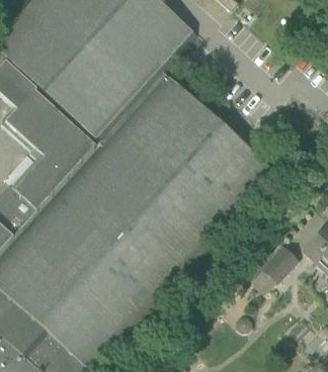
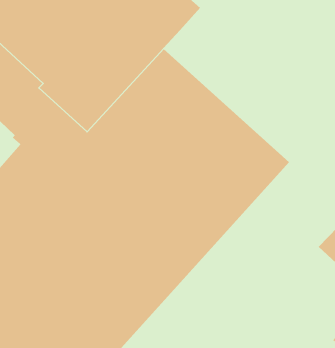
building: [251,245,299,296] -> none

